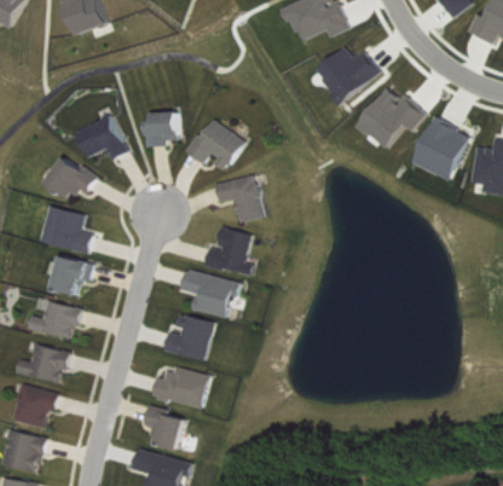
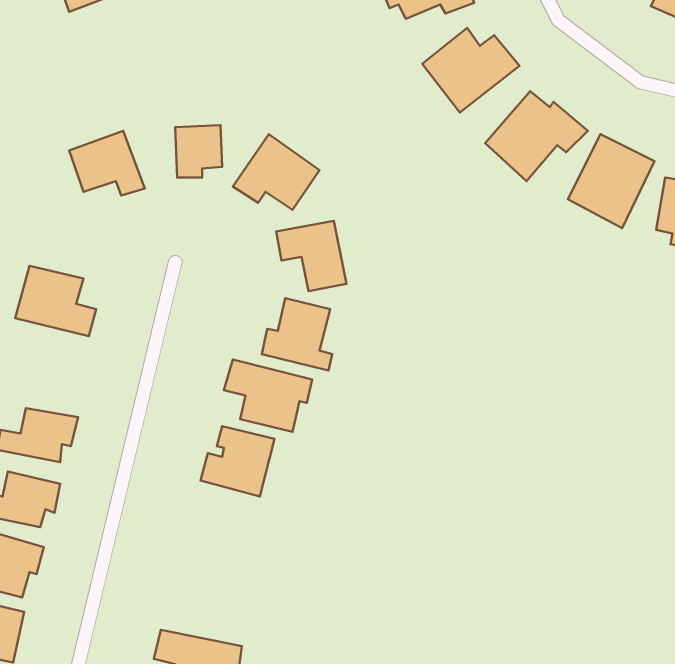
building: [46,156,99,199] -> none
building: [52,255,93,294] -> none
building: [152,365,210,409] -> none
building: [144,406,187,450] -> none

